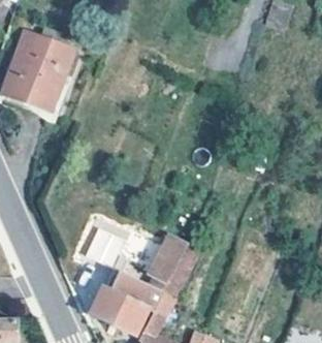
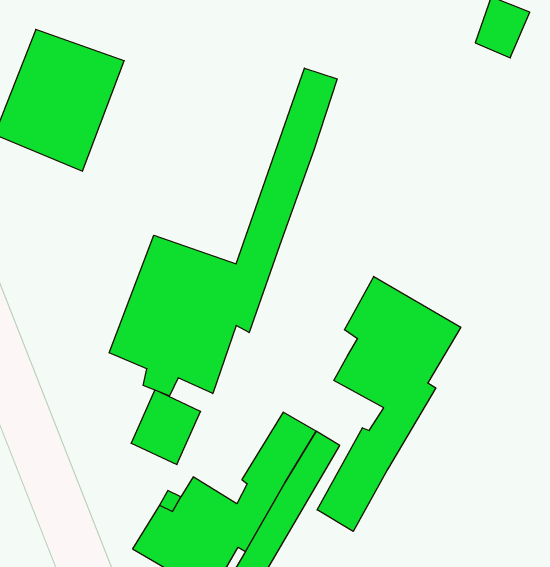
building: none -> [109,68,337,396]
building: none -> [317,276,461,531]

